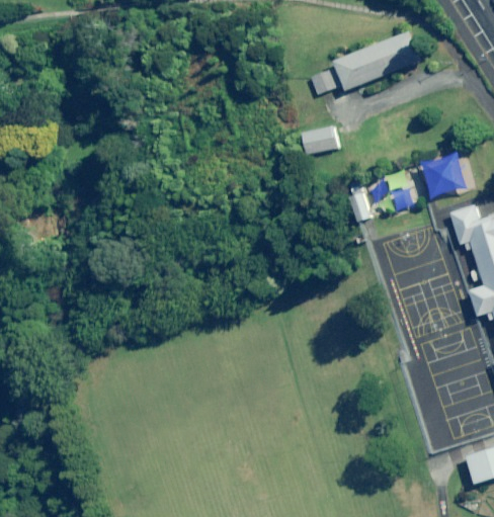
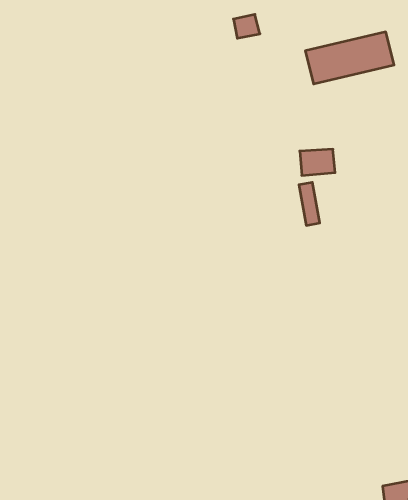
building: [311,70,337,94] -> [233,14,260,38]
building: [301,126,336,155] -> [300,149,335,175]

